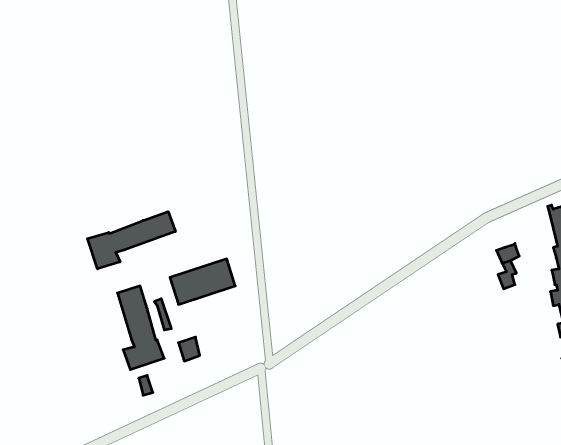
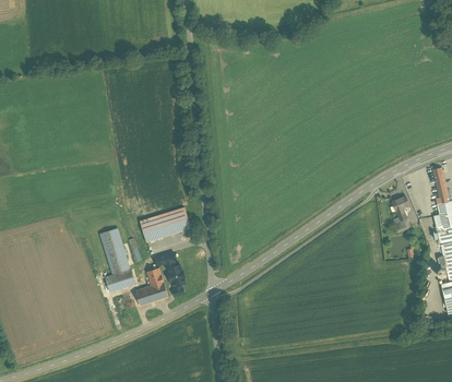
building: [87,212,175,269] -> none
building: none -> [135,280,169,306]

